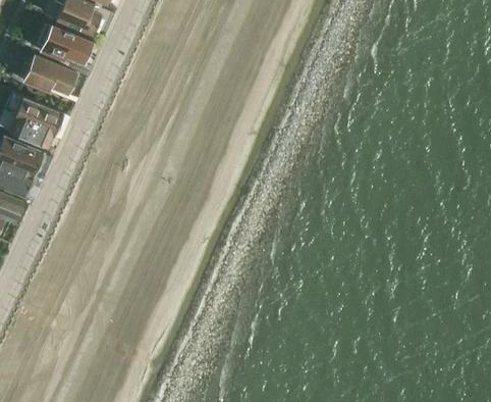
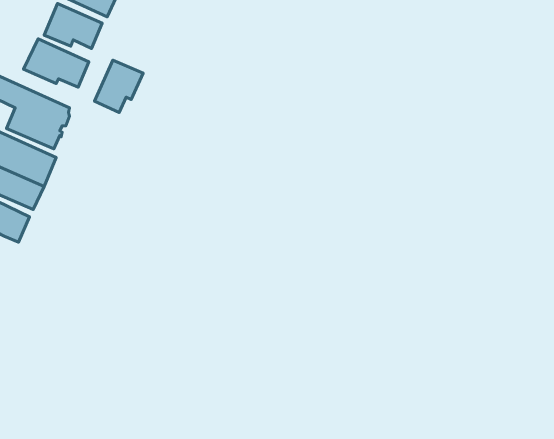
building: none -> [94,60,143,113]

